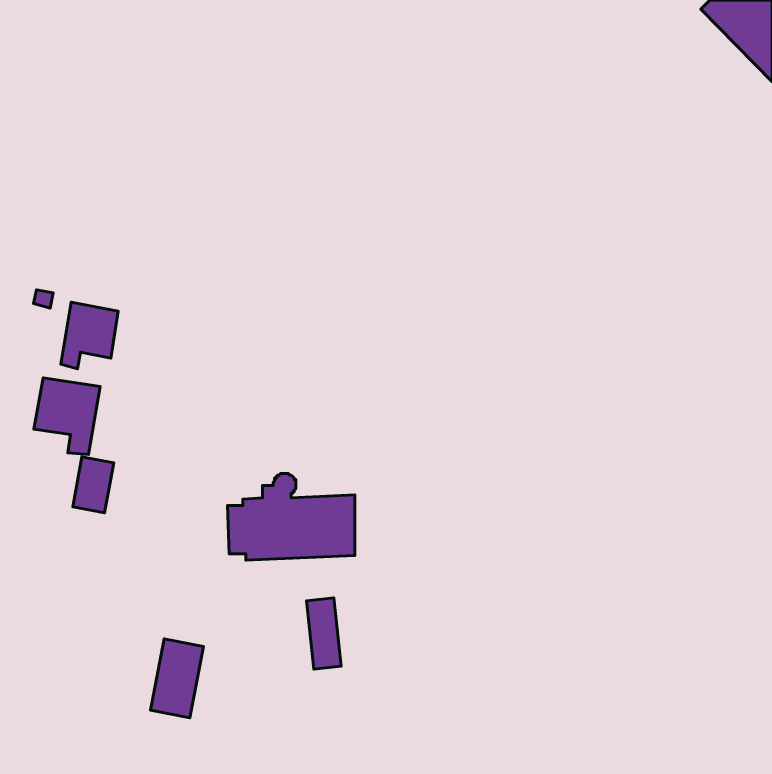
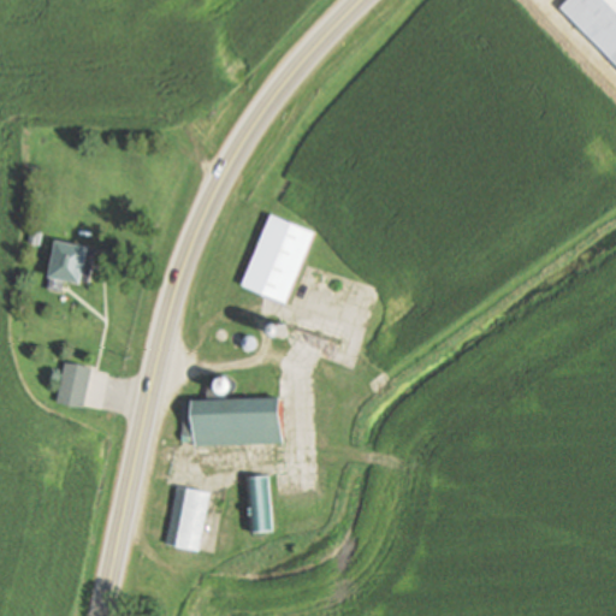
building: none -> [242,215,314,303]
building: [34,378,100,455] -> none
building: [150,639,203,718] -> [166,487,208,550]

